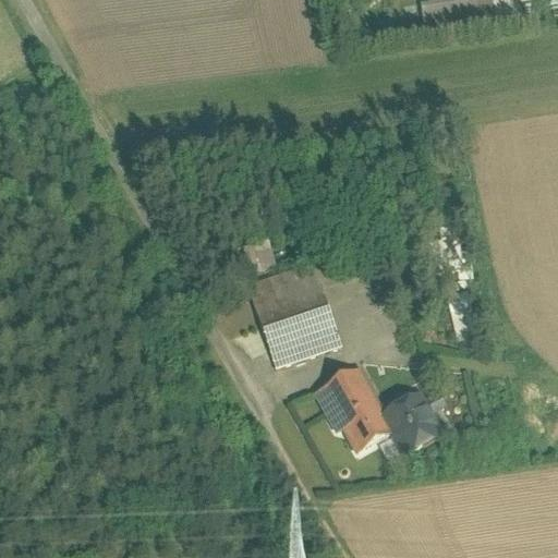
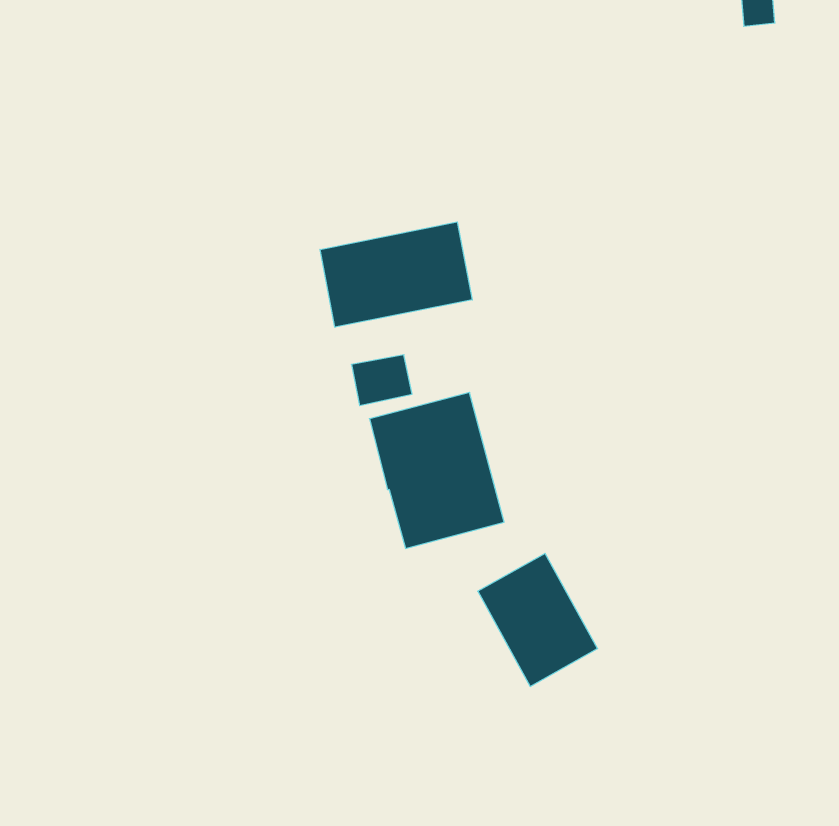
building: none -> [320,222,472,327]
building: [391,393,450,458] -> none

